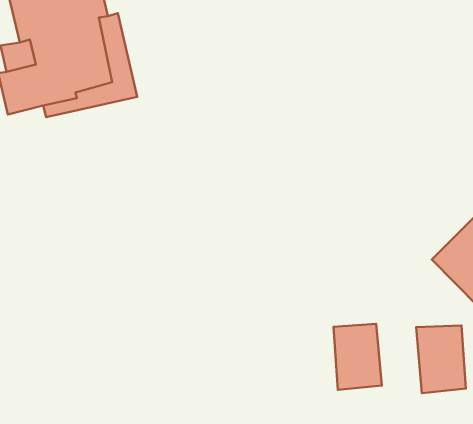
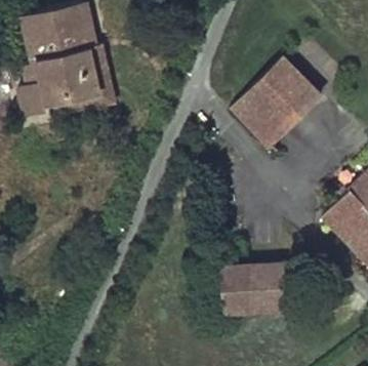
building: none -> [232,57,319,143]
building: [416,326,466,393] -> [222,265,257,312]

